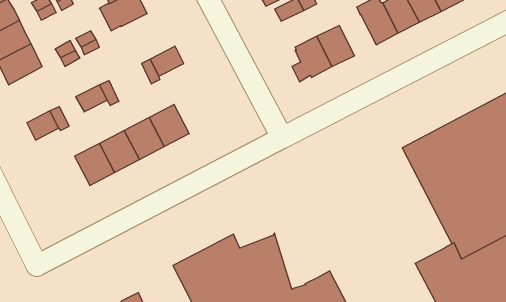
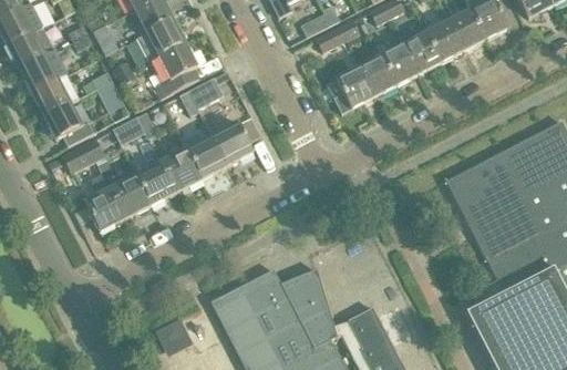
building: none -> [155,42,198,96]
building: none -> [382,42,420,85]
building: none -> [43,101,93,145]
building: none -> [213,122,255,165]
building: none -> [84,188,126,233]

